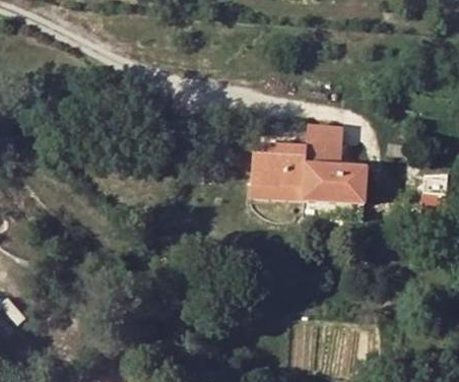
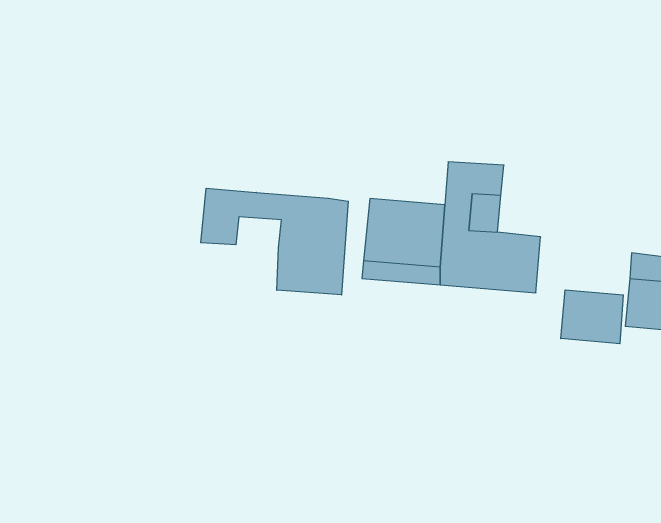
building: none -> [201,188,348,295]
building: none -> [561,290,623,344]

